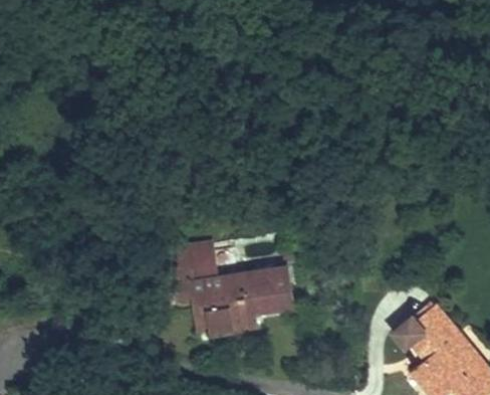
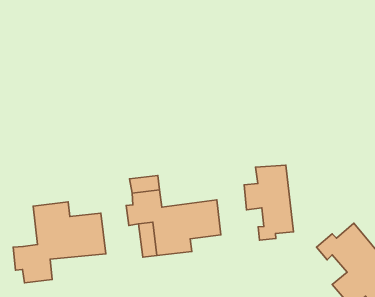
building: none -> [244,165,294,240]
building: none -> [13,202,106,283]

